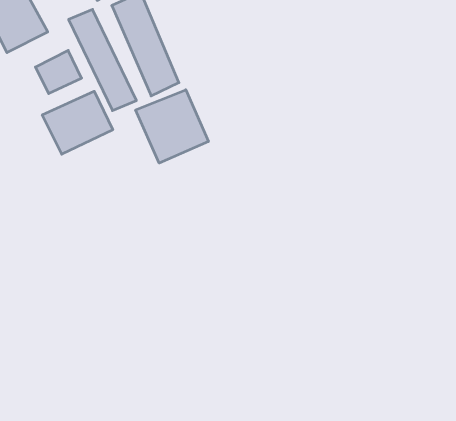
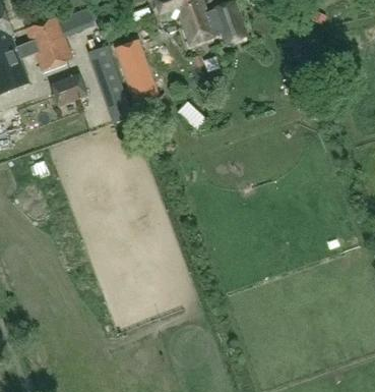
building: [136,90,208,163] -> none
building: [42,91,113,154] -> none

